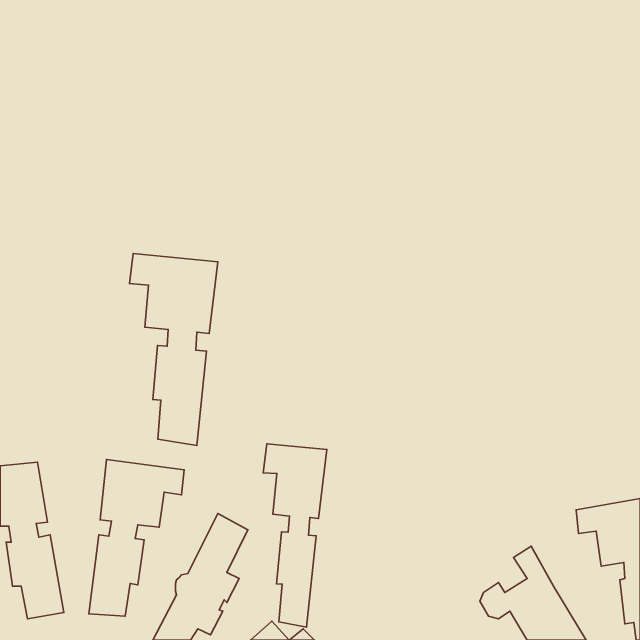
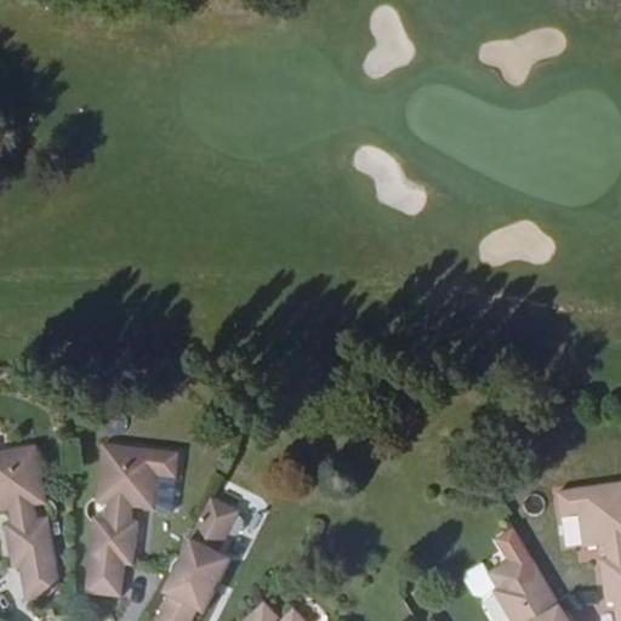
building: [129,254,218,446] -> none
building: [263,444,327,627] -> none

